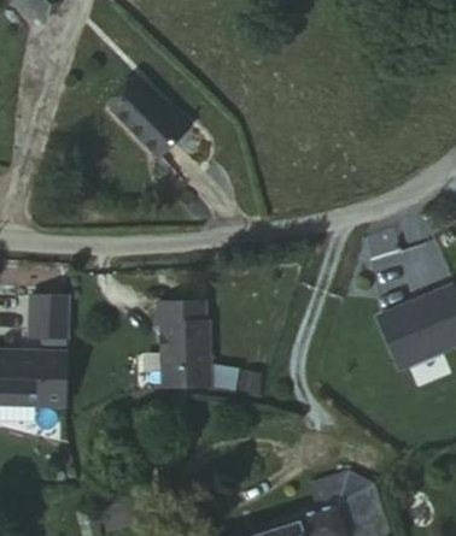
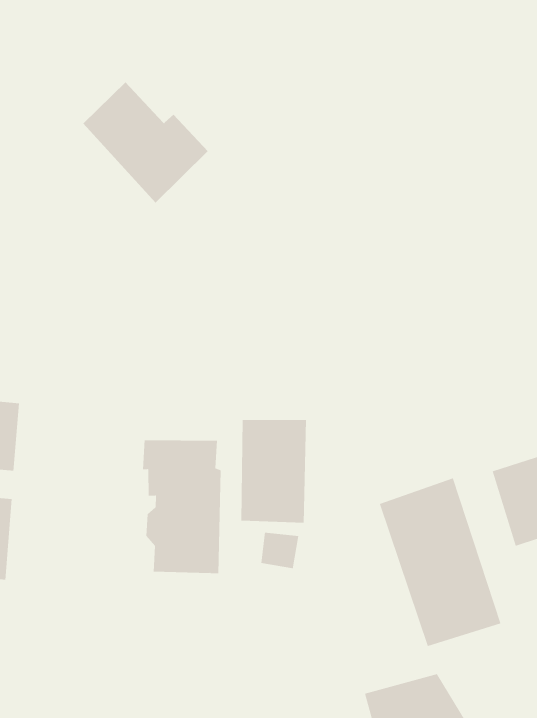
building: none -> [241,419,307,523]
building: none -> [379,478,501,647]

